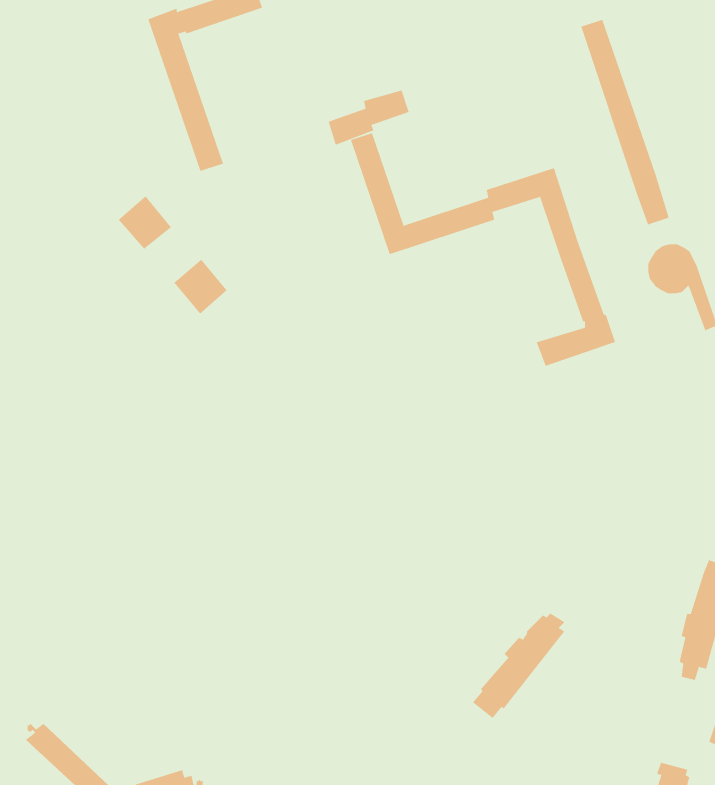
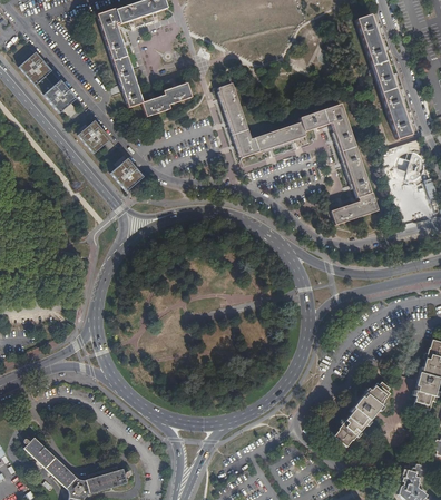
building: none -> [20,51,52,85]
building: [328,90,409,145] -> [143,84,192,117]
building: none -> [45,81,77,114]
building: [472,613,565,719] -> [334,382,390,445]

